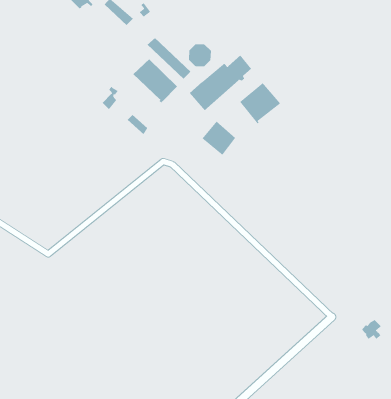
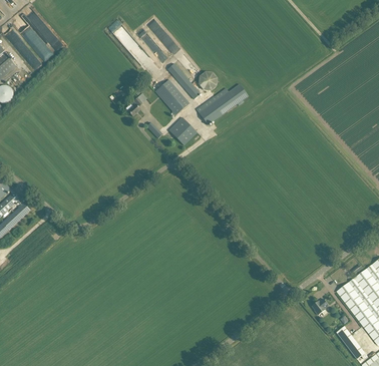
building: [239,82,281,124] -> none
building: [202,120,236,156] -> [169,117,197,145]

